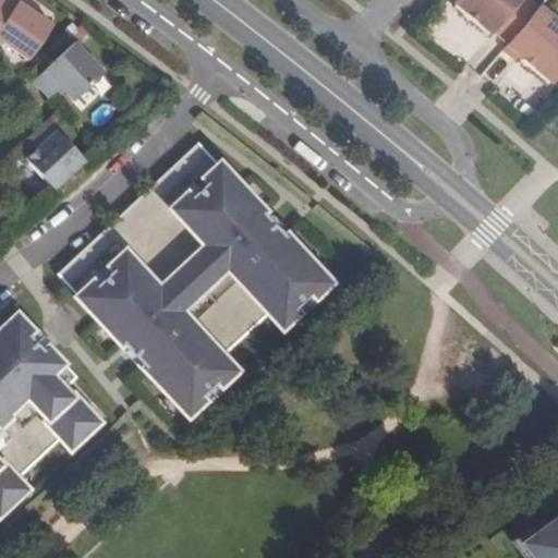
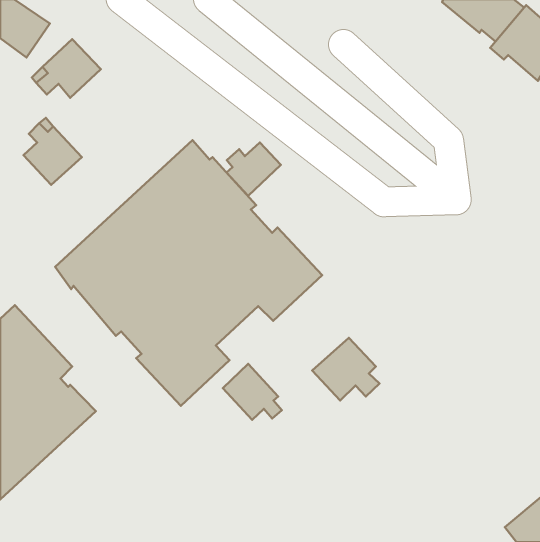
building: none -> [226,142,281,196]
building: none -> [312,338,380,401]
building: none -> [223,364,282,420]

